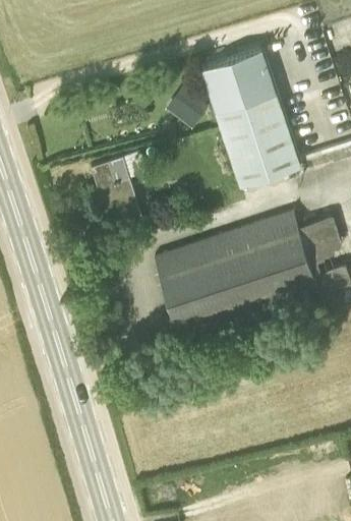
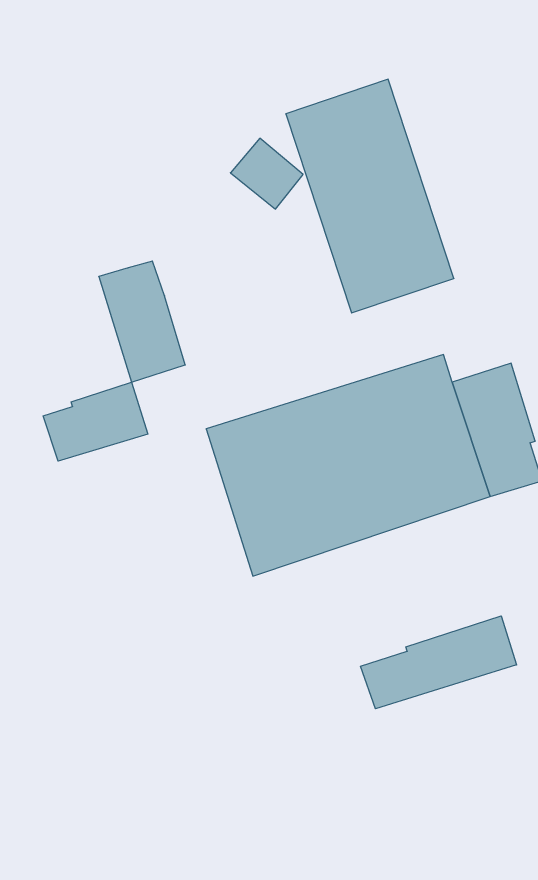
building: none -> [43,382,148,461]
building: none -> [361,616,517,709]

